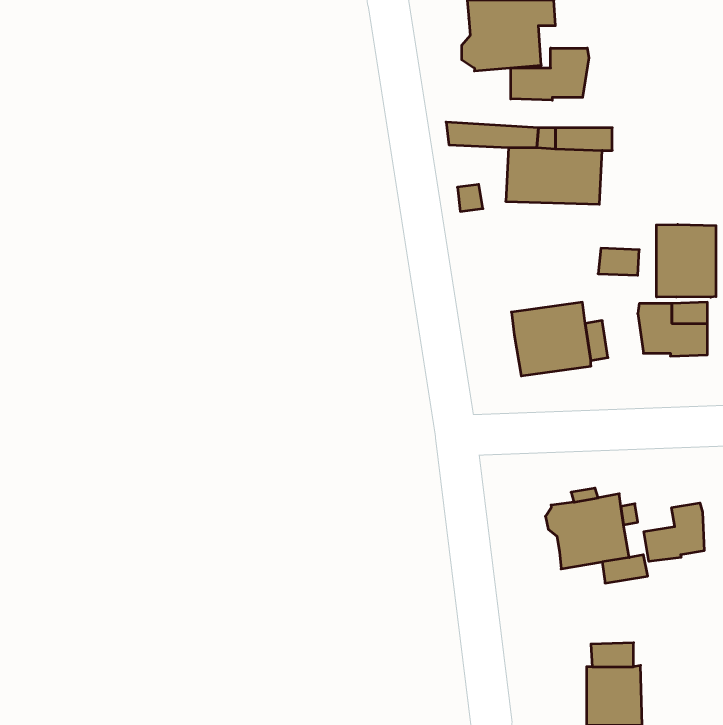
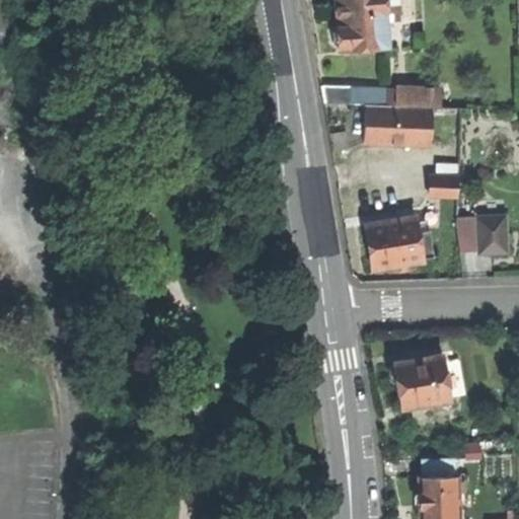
building: [511,48,589,100] -> none
building: [656,224,716,297] -> none
building: [644,503,704,561] -> none

